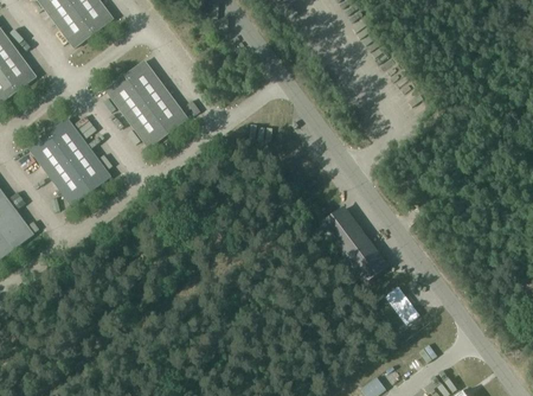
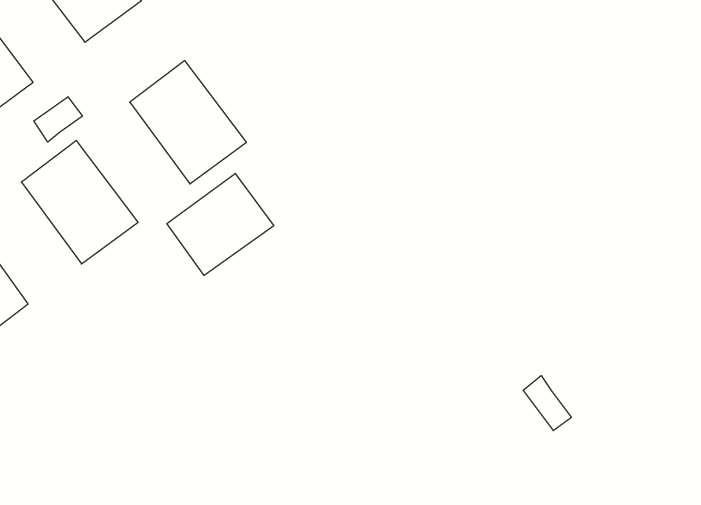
building: none -> [34,97,82,142]
building: none -> [167,173,274,276]
building: [319,205,388,283] -> none

